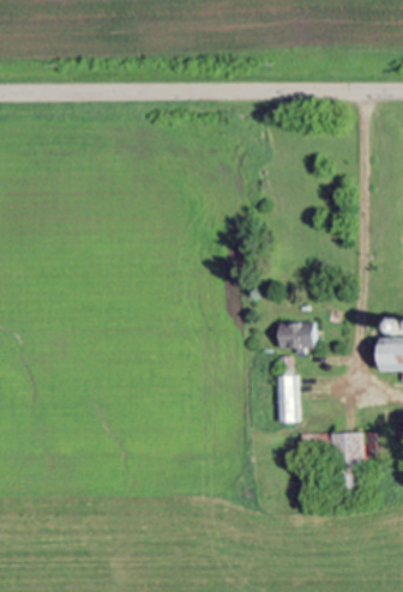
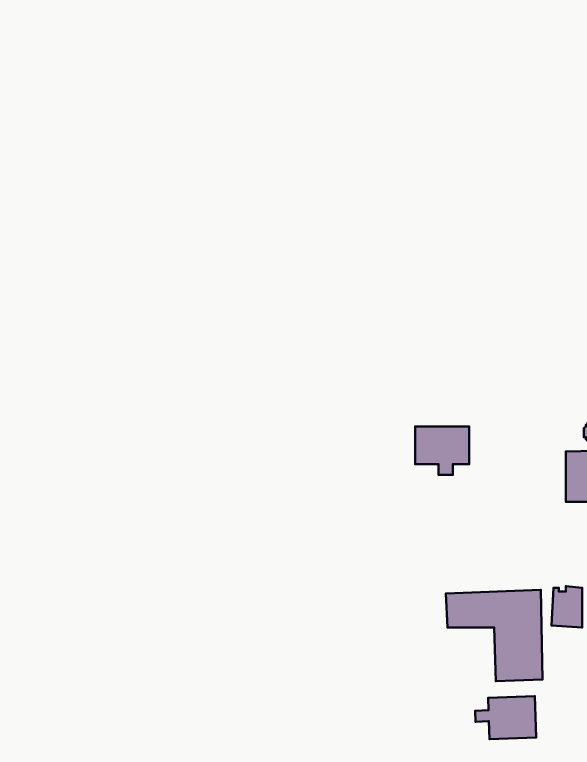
building: [275,355,301,422] -> none
building: none -> [475,696,536,739]

